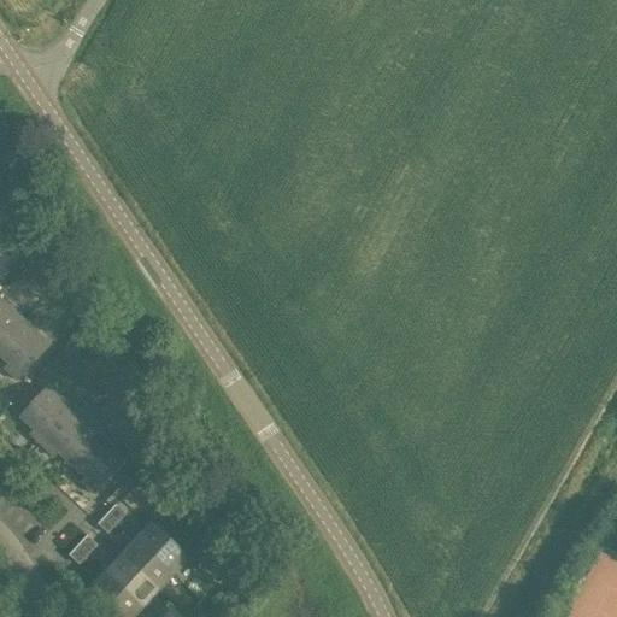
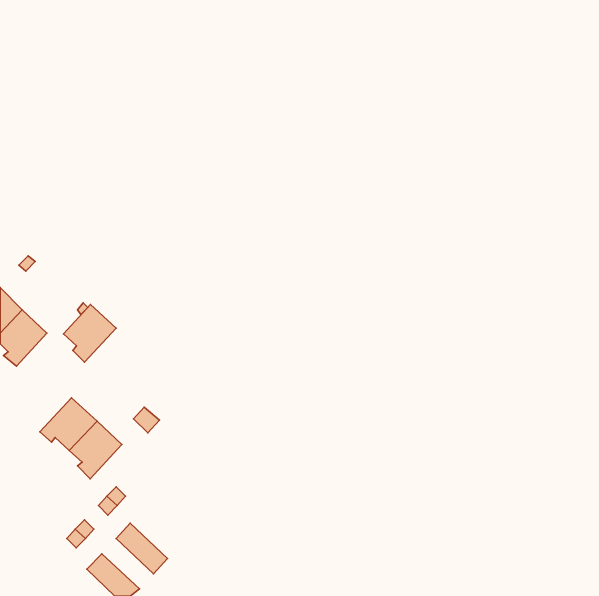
building: [19,384,74,443] -> [63,305,116,362]
building: [134,521,188,574] -> none
building: [105,553,158,605] -> none

